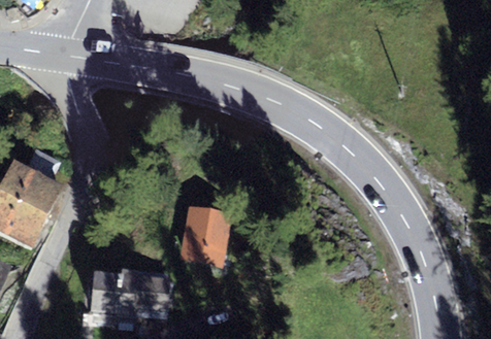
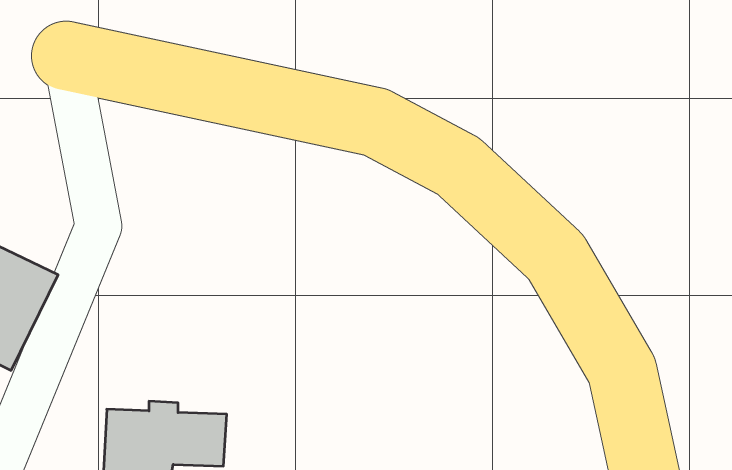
building: [183,209,232,268] -> none

